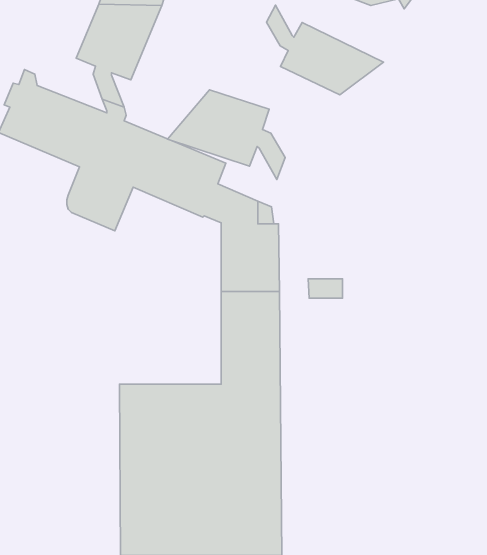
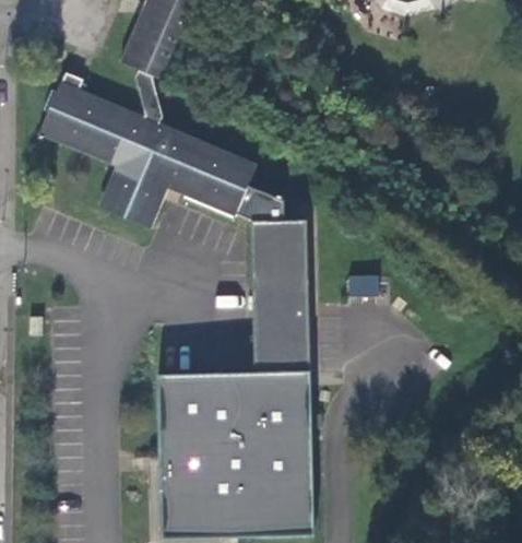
building: [266,5,383,95] -> none
building: [167,90,285,180] -> none

